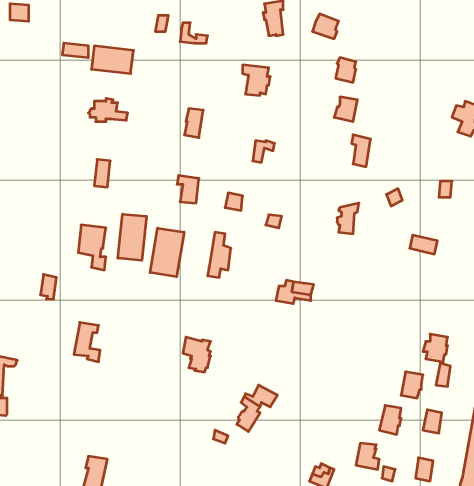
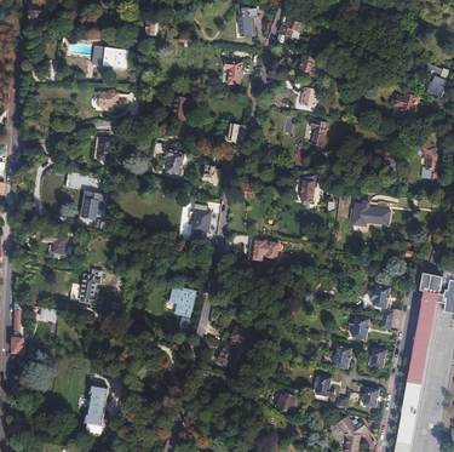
building: [118,214,146,260] -> none
building: [150,228,184,277] -> none

